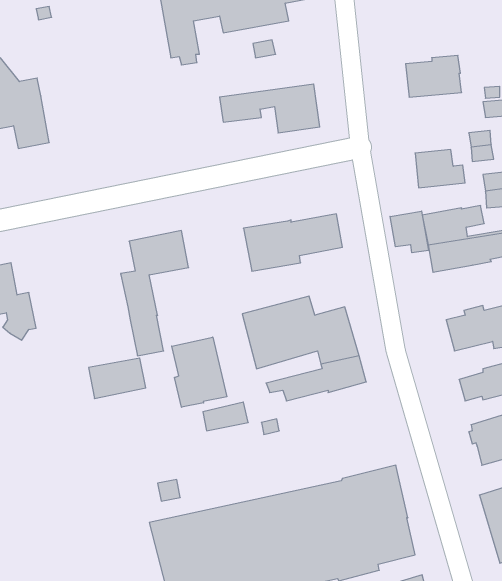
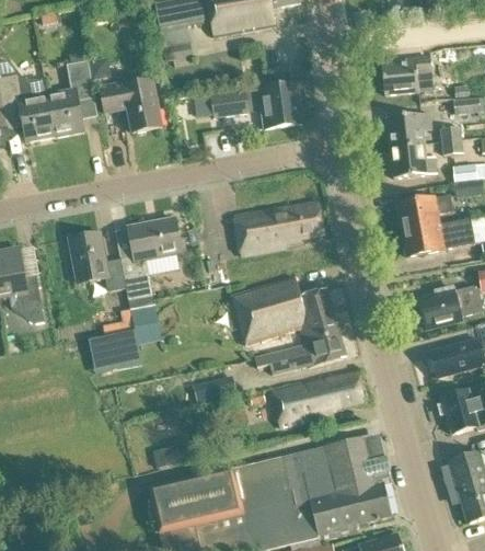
building: none -> [46,49,93,136]
building: none -> [99,79,161,131]
building: none -> [386,112,430,146]
building: [390,211,428,253] -> none
building: none -> [68,231,126,290]
building: [172,337,227,407] -> none
building: none -> [272,372,362,427]

